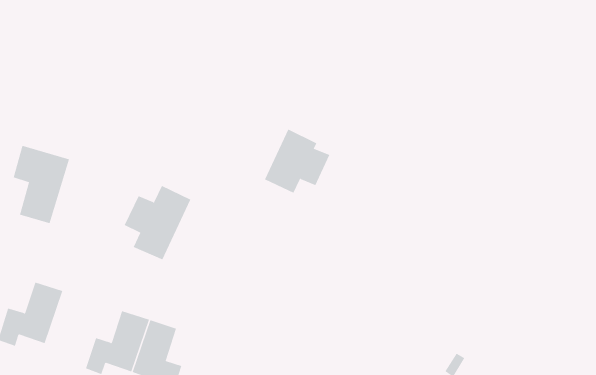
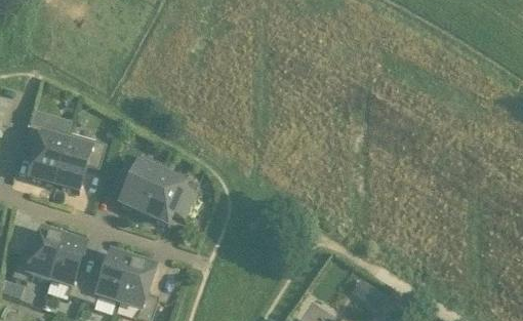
building: [264,119,330,194] -> [143,163,195,223]
building: none -> [53,131,106,190]
building: none -> [49,236,89,297]

